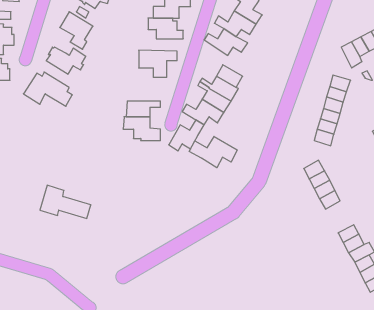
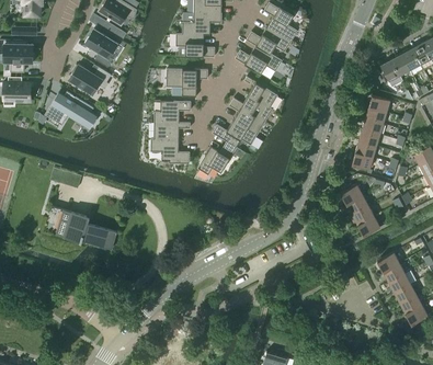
building: none -> [155,102,191,123]
building: [189,136,237,168] -> none

